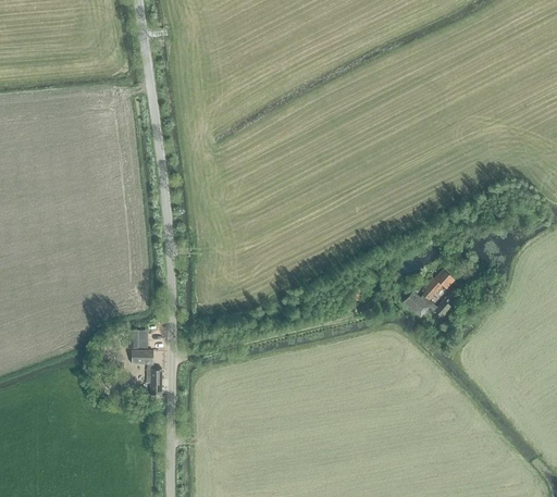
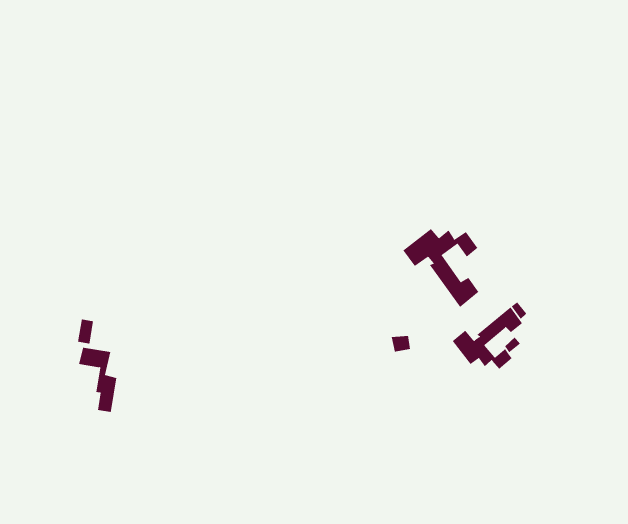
building: none -> [402,228,479,308]

